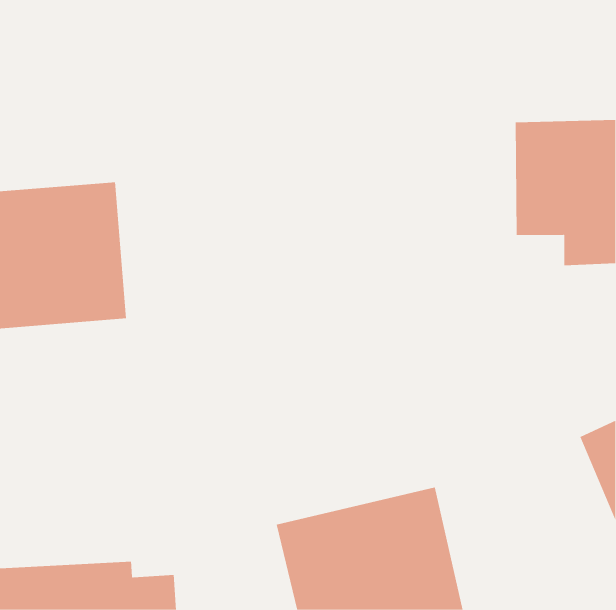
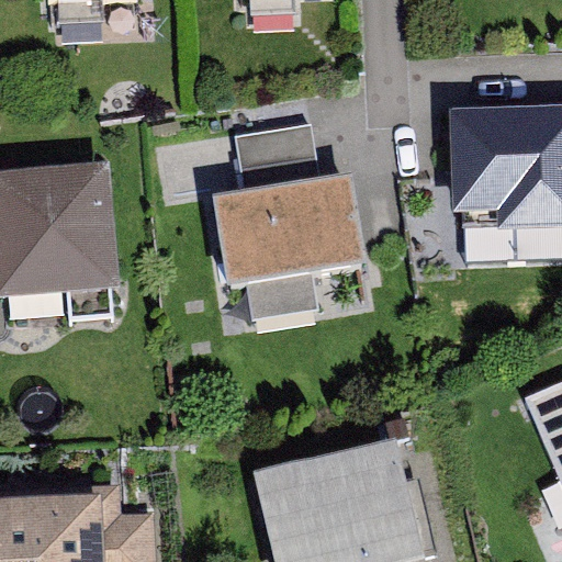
building: none -> [229,125,384,329]

